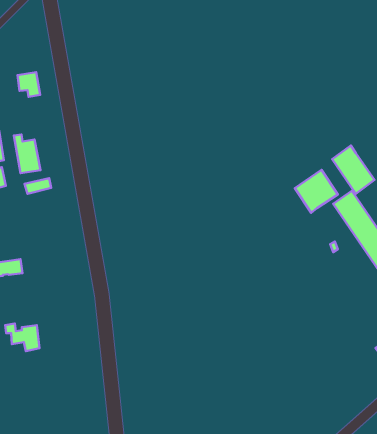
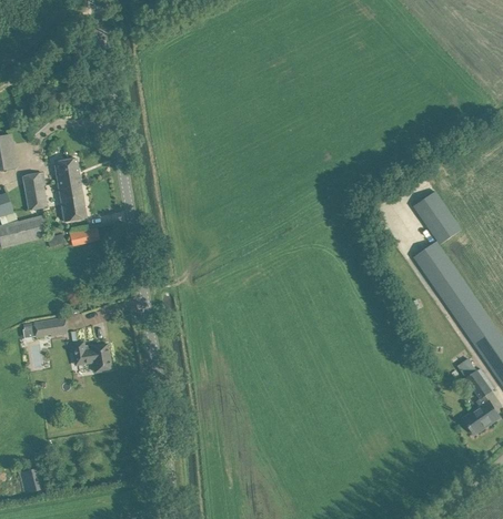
building: [18,72,40,97] -> [54,159,80,186]
building: [295,170,338,213] -> none
building: [5,323,40,351] -> [72,342,111,373]

